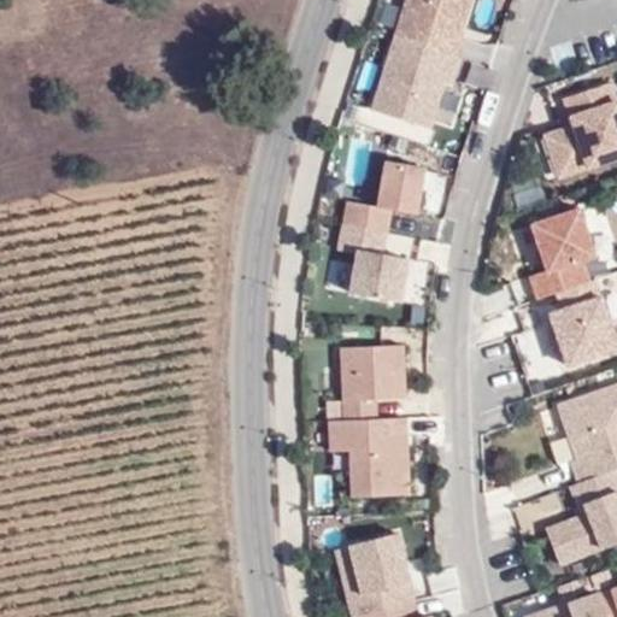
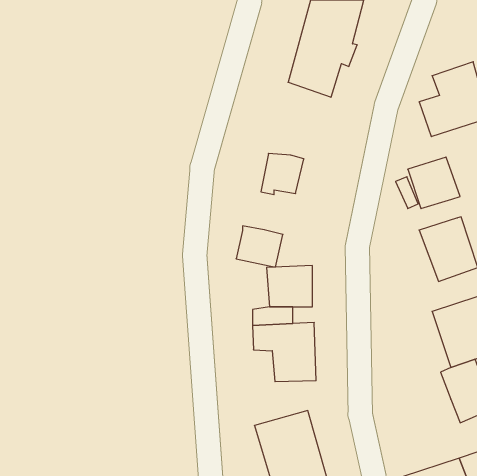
building: [376,159,424,212] -> none
building: [346,247,406,300] -> [236,226,283,267]
building: [528,259,590,301] -> none
building: [543,517,598,566] -> none

